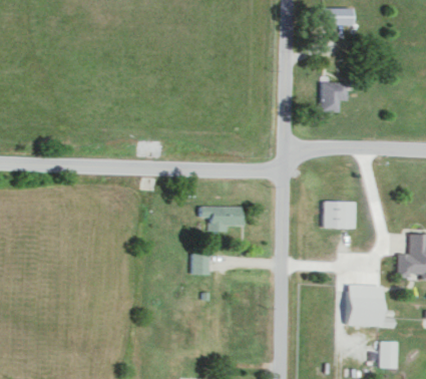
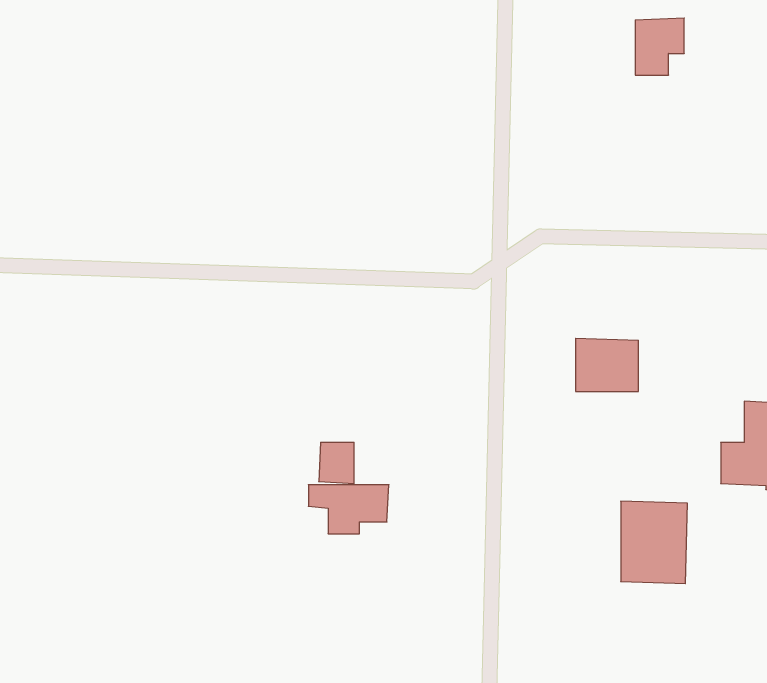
building: [322,82,347,111] -> [635,18,684,75]
building: [201,206,243,231] -> [308,485,389,534]
building: [380,341,398,368] -> none

